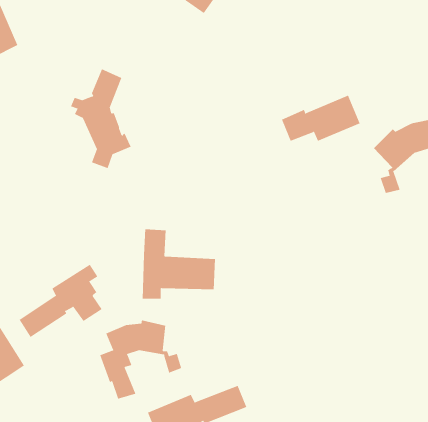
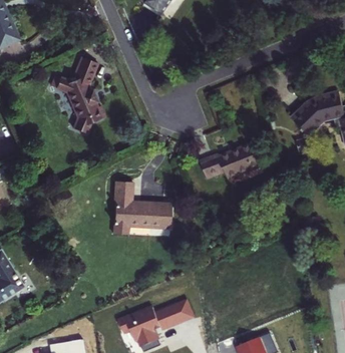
building: [281,95,360,142] -> [200,142,261,179]
building: [19,264,102,338] -> none
building: [99,319,182,400] -> none

